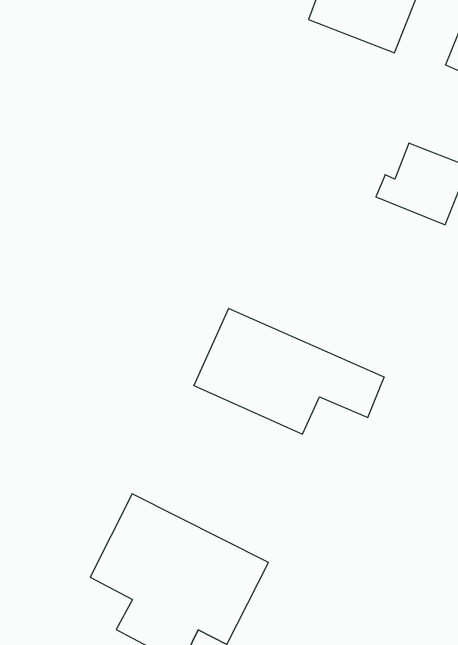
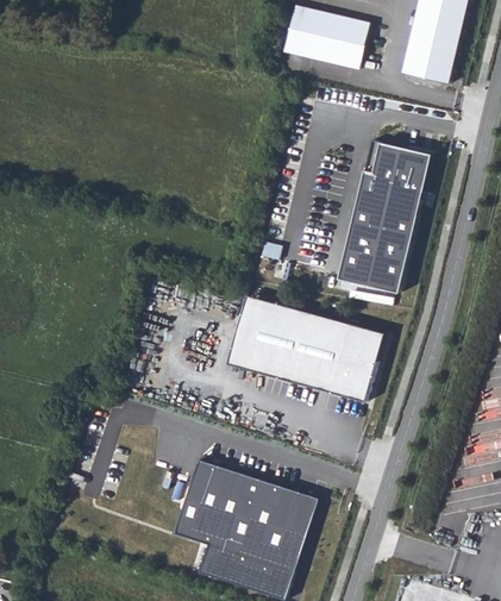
building: none -> [338,189,419,293]
building: none -> [328,358,380,402]

